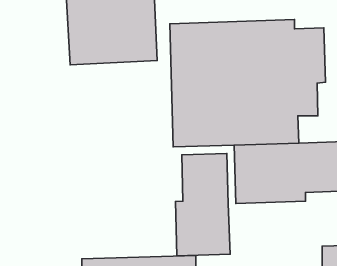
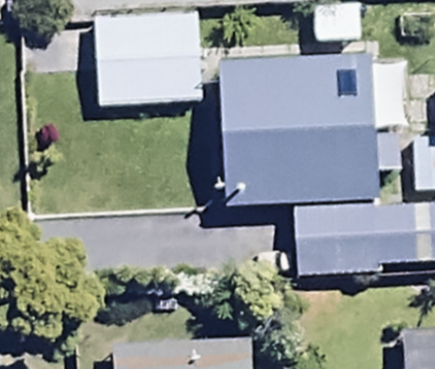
building: [175,153,230,256] -> none

